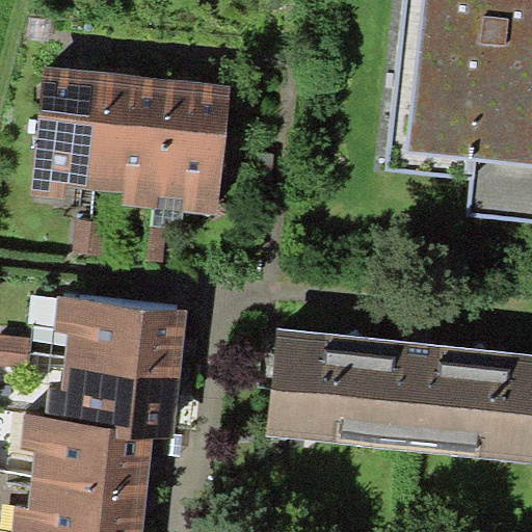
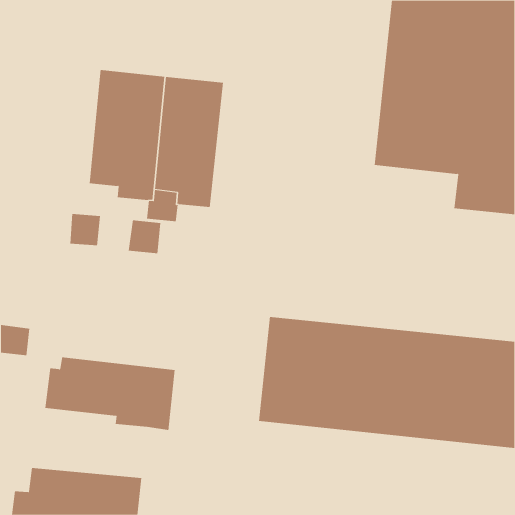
building: [30,66,103,198] -> none
building: [54,297,189,381] -> none
building: [21,420,152,493] -> none

